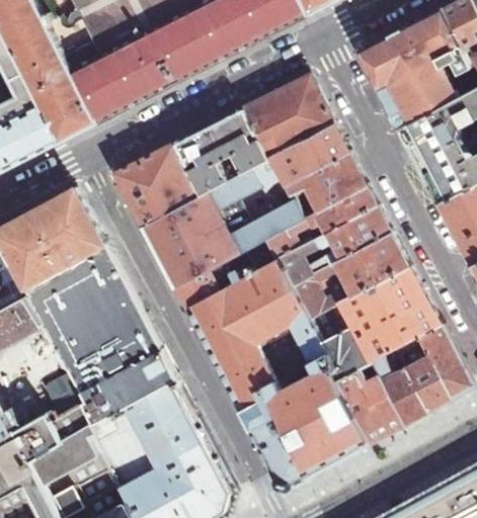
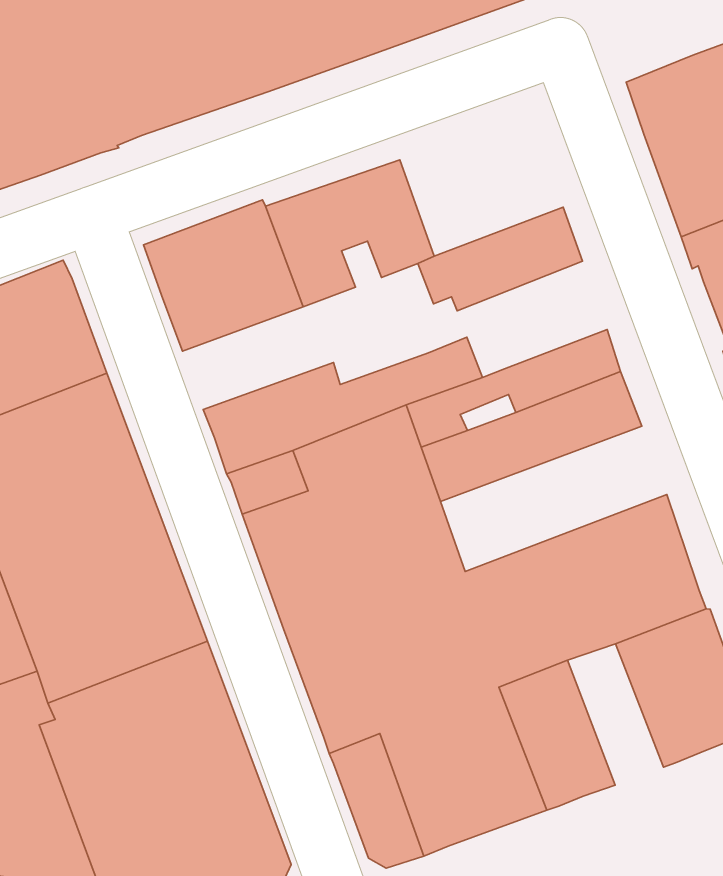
building: [243,74,333,157] -> none
building: [285,149,366,211] -> none
building: [142,162,271,255] -> none
building: [290,232,409,322] -> none
building: [369,349,427,424] -> none

